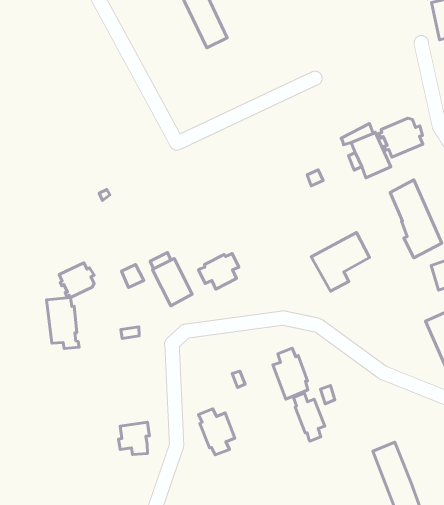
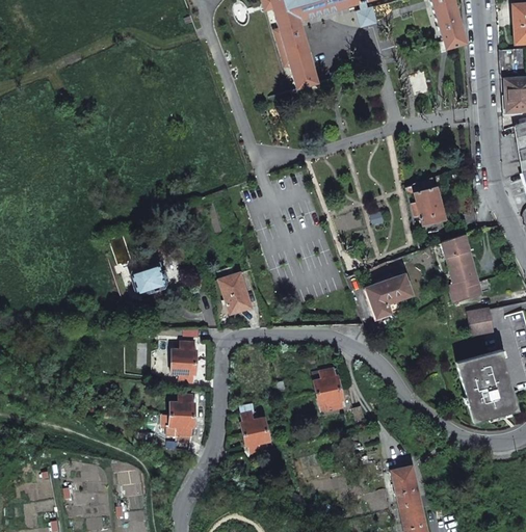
building: [379,118,423,157] -> none
building: [198,254,239,289] -> none
building: [46,297,79,348] -> [172,341,196,388]
building: [294,393,325,441] -> none
building: none -> [164,393,195,415]

